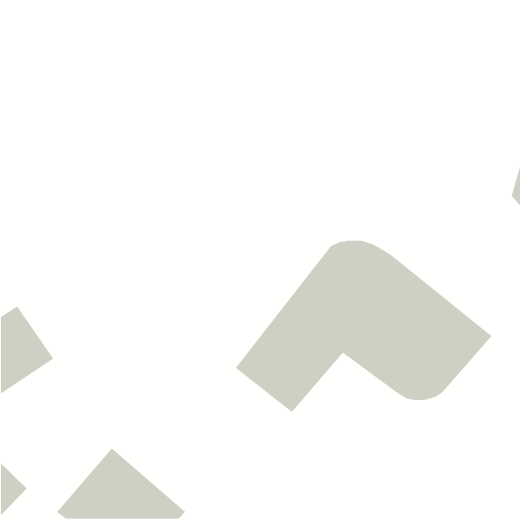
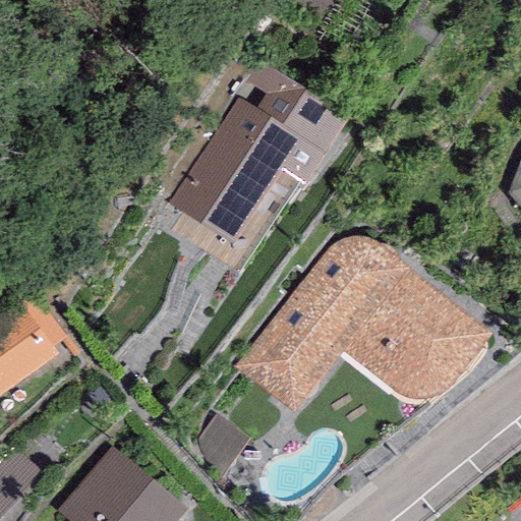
building: none -> [171,68,345,242]

